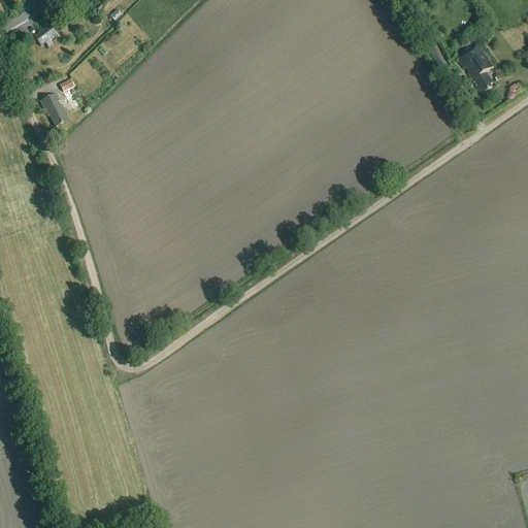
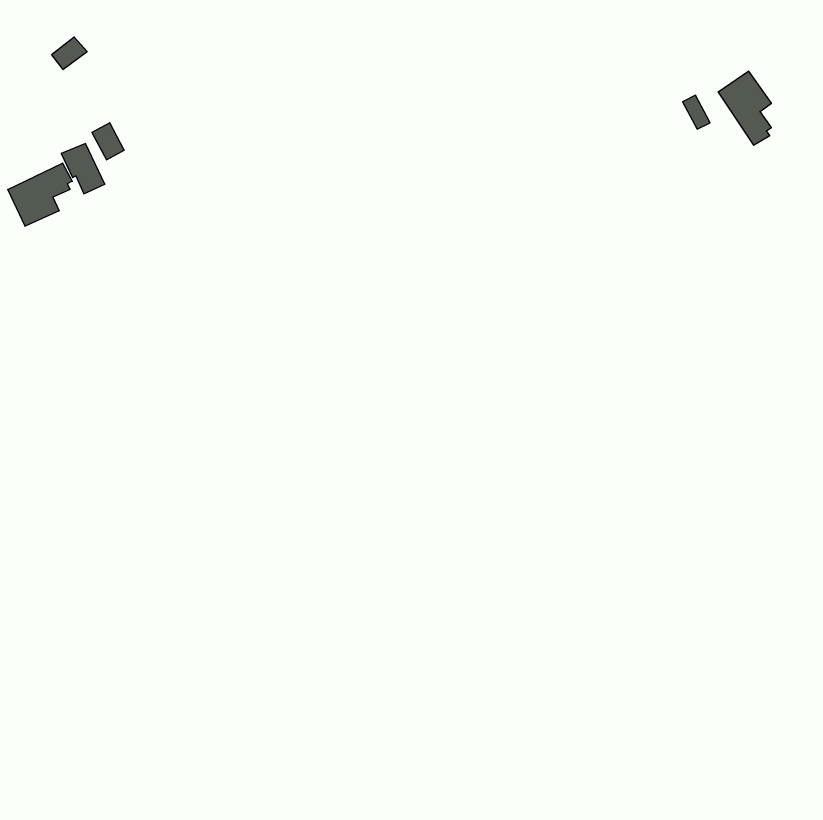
building: none -> [8,163,72,226]

